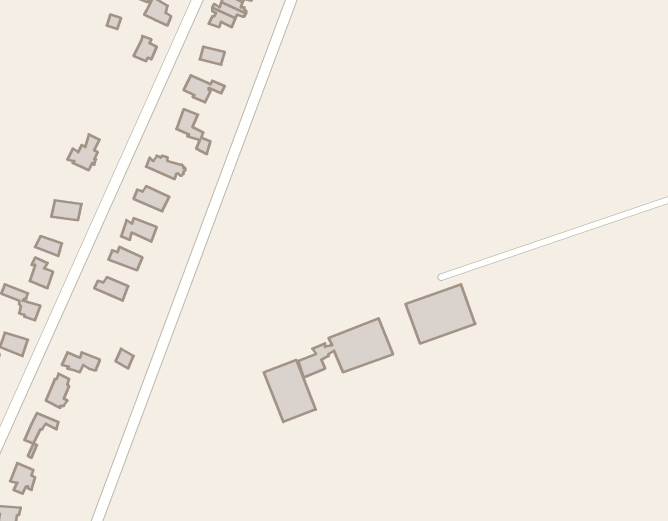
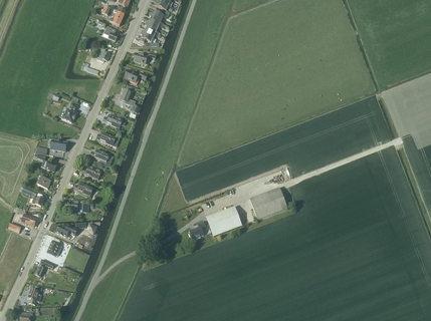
building: [264,360,316,422] -> none

